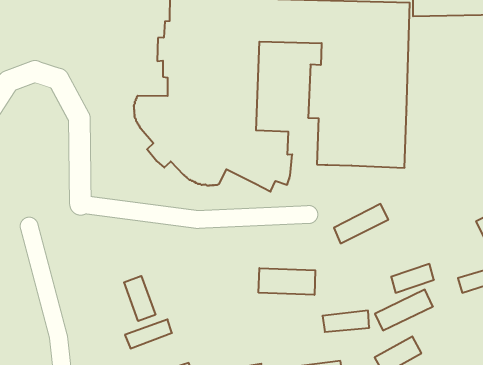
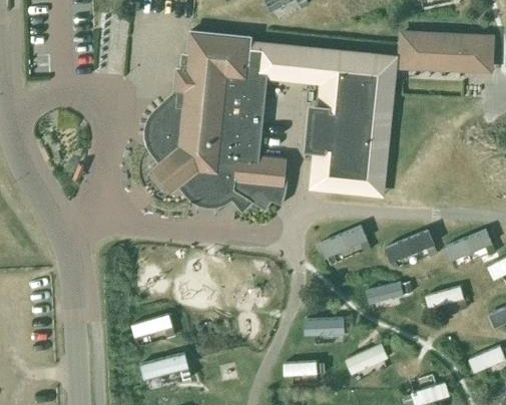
building: [259,268,315,295] -> none
building: [124,276,155,321] -> none
building: [375,290,433,330] -> [384,231,435,264]

